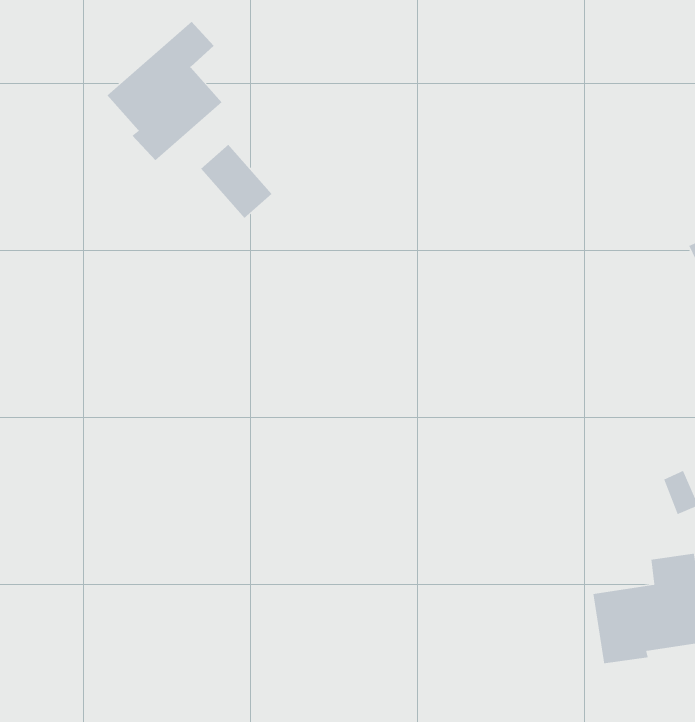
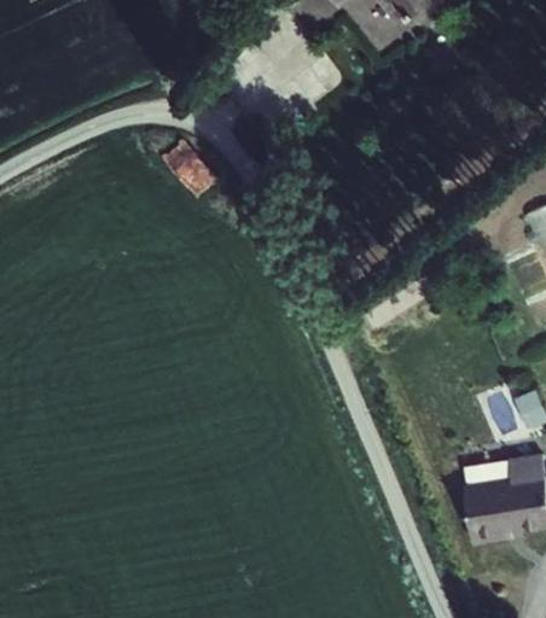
building: [107,21,223,161] -> none

